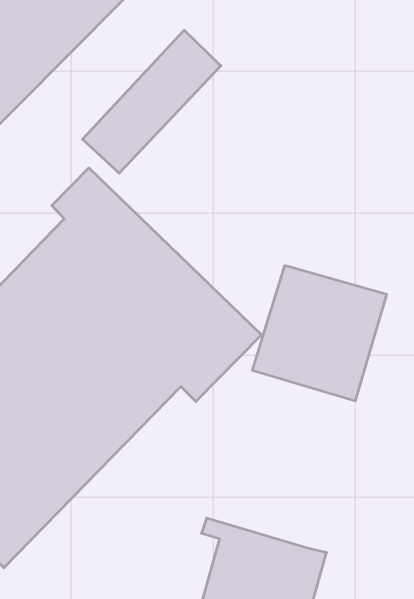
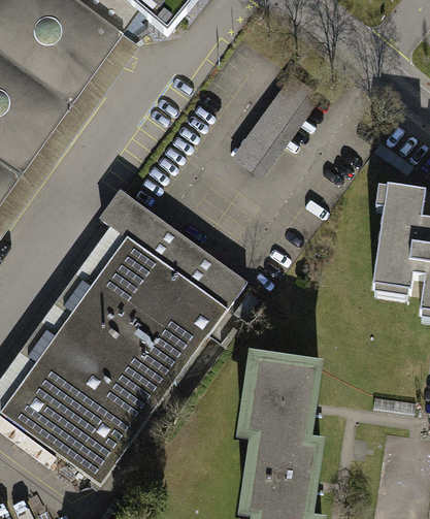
building: [82,30,221,173] -> [230,69,322,179]
building: [252,266,387,401] -> [238,350,327,440]

